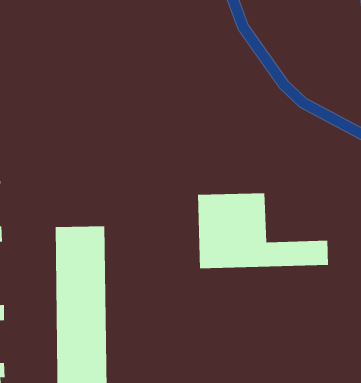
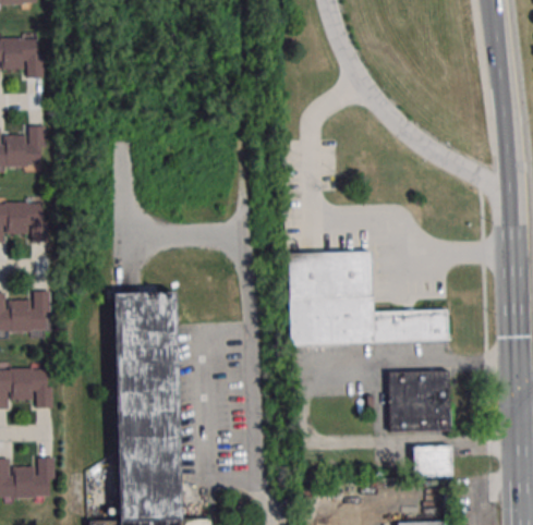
building: none -> [387,370,449,432]
building: none -> [411,445,452,477]

